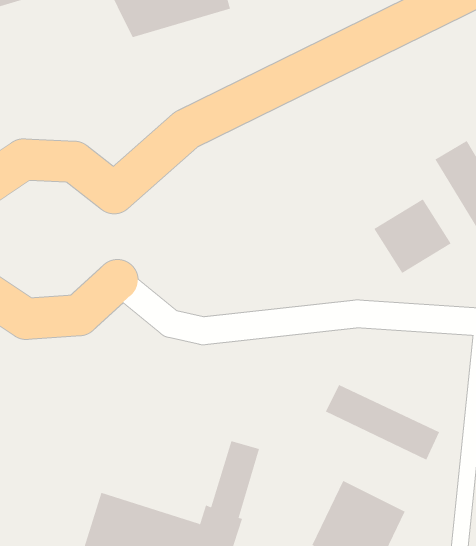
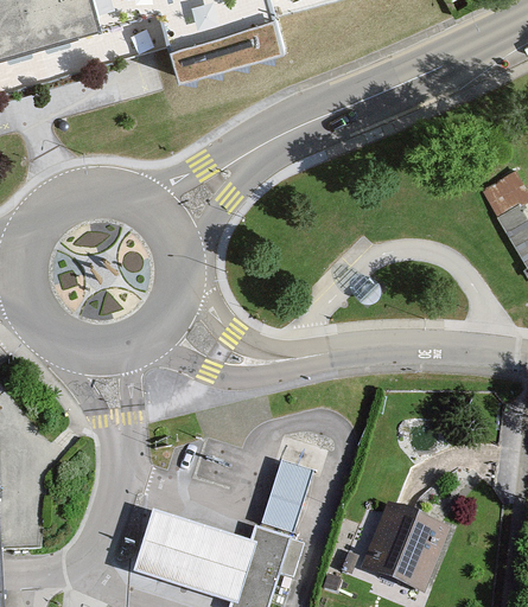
building: [374,198,451,274] -> none
building: [325,384,440,461] -> none

